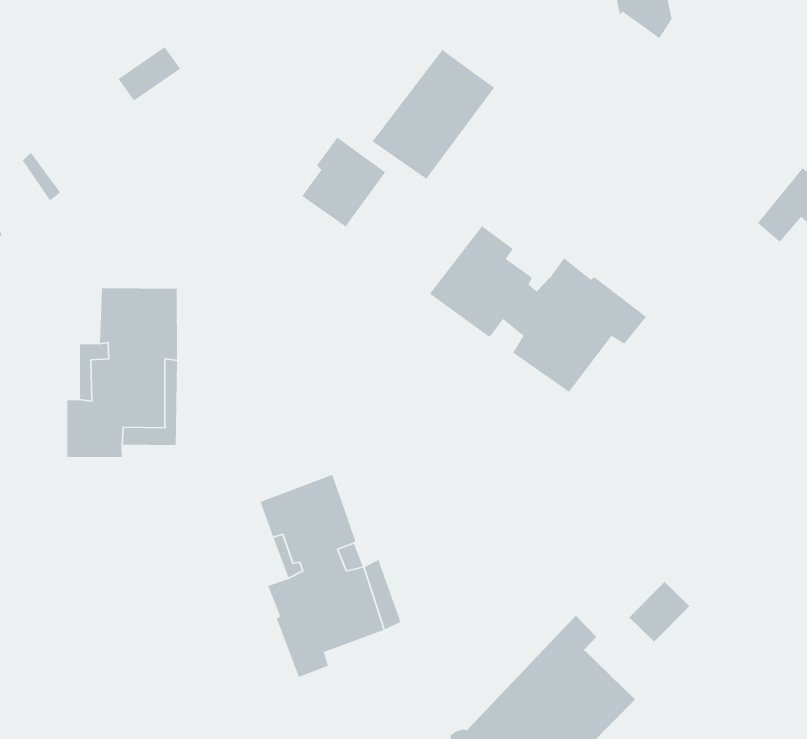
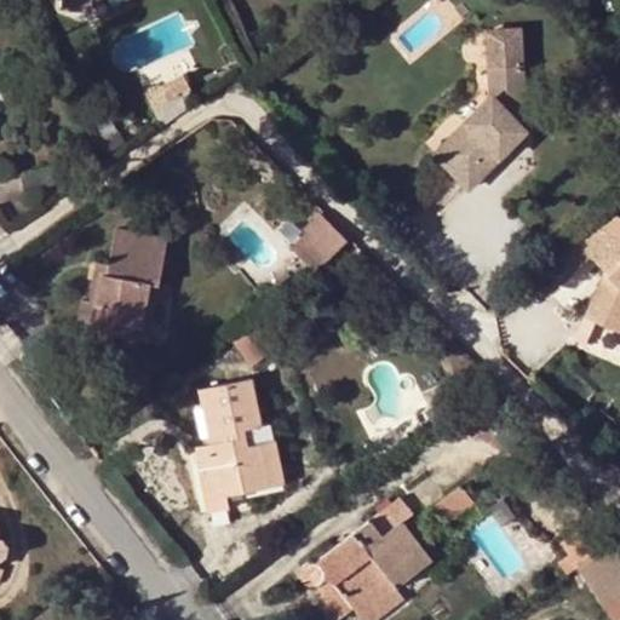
building: [372,49,495,180] -> [437,99,526,185]
building: [301,136,386,227] -> [291,212,350,274]
building: [429,225,647,393] -> none

